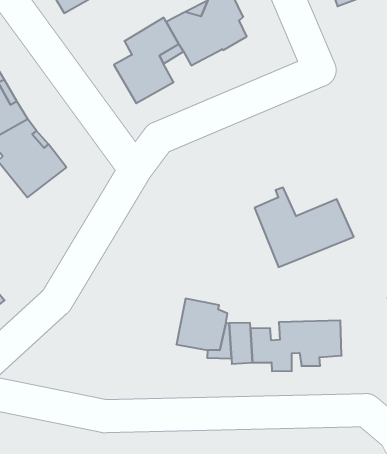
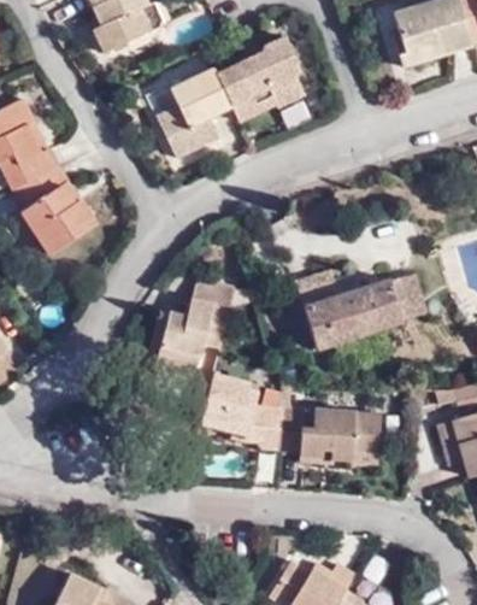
building: none -> [389,271,429,321]
building: none -> [157,277,237,381]

